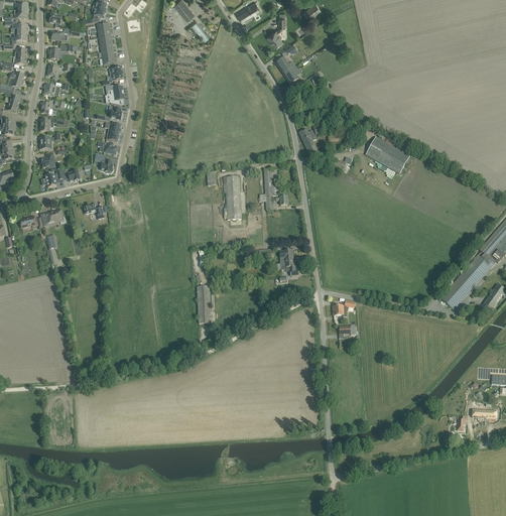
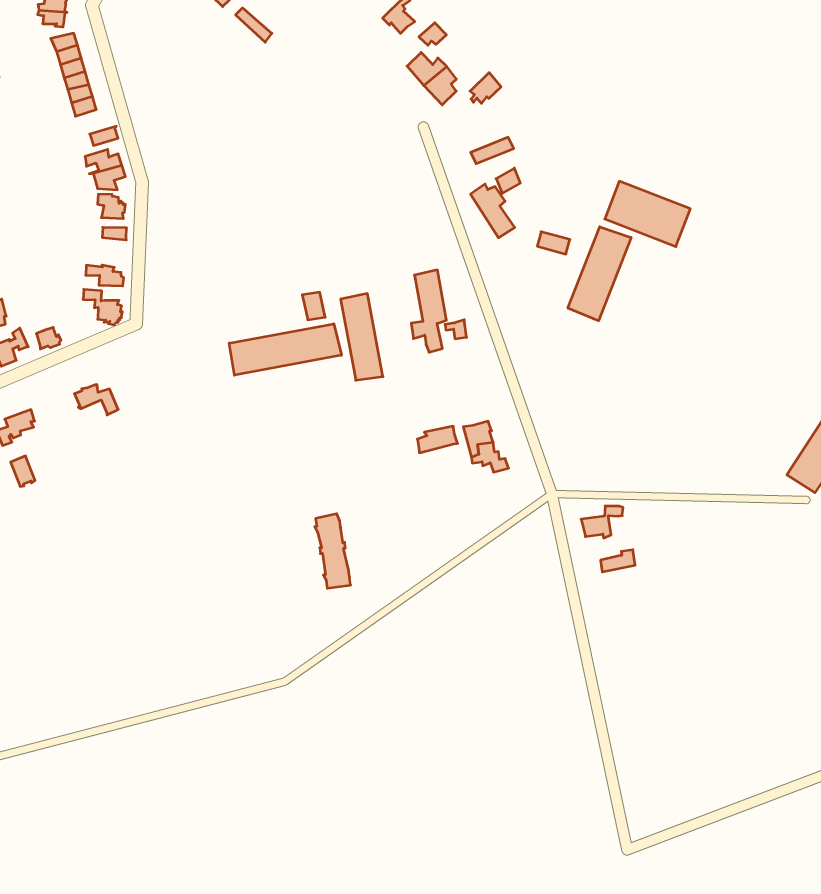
building: none -> [568,227,631,321]
building: none -> [229,324,341,375]

